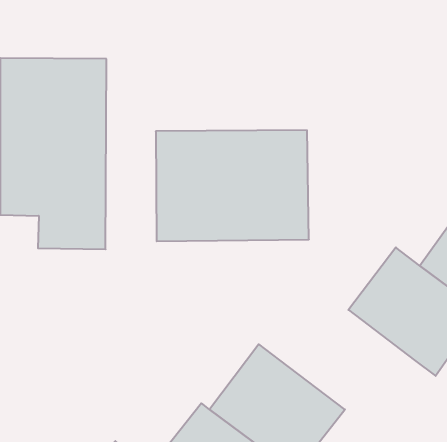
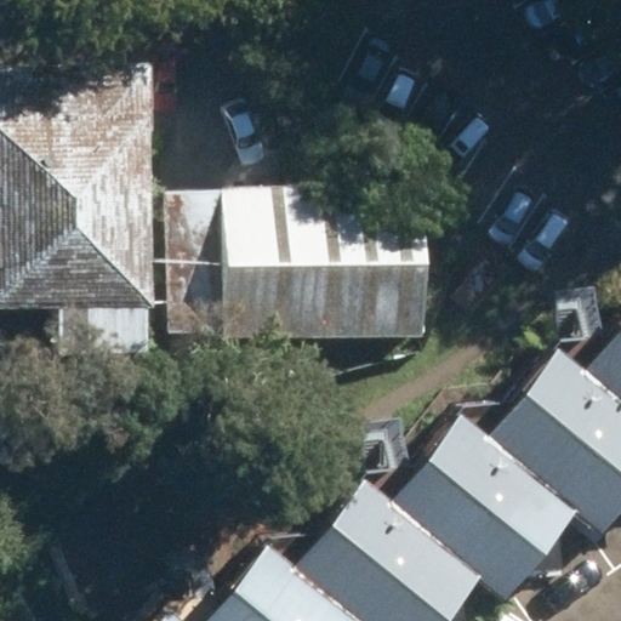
building: none -> [389,417,575,597]

